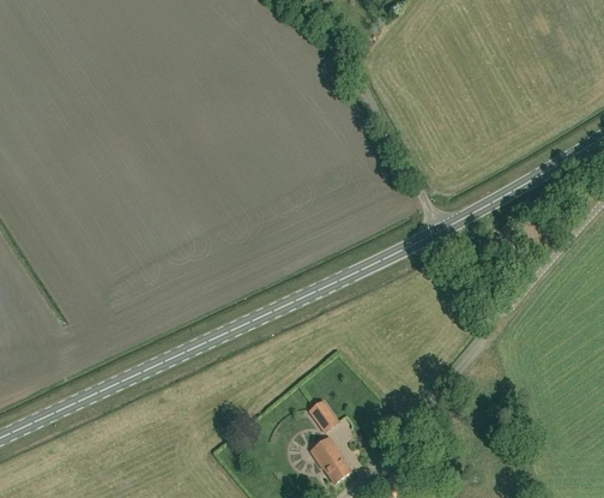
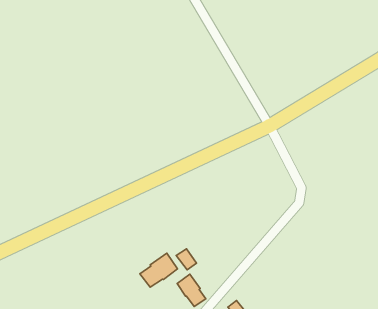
building: none -> [140,253,178,287]

